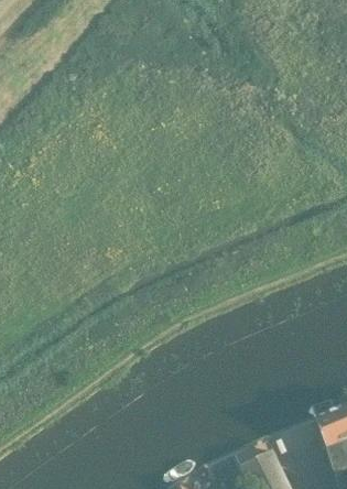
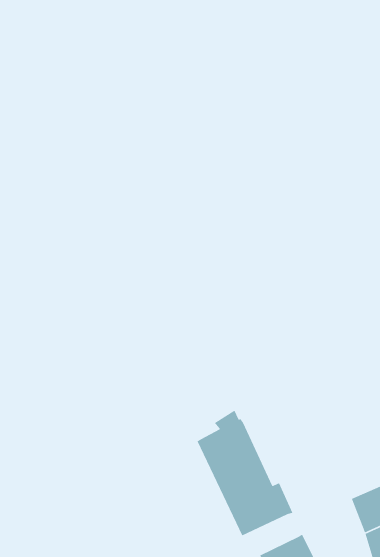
building: none -> [197,410,293,536]

